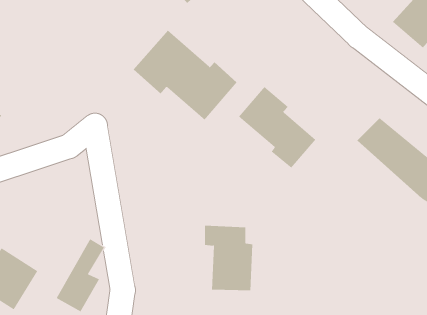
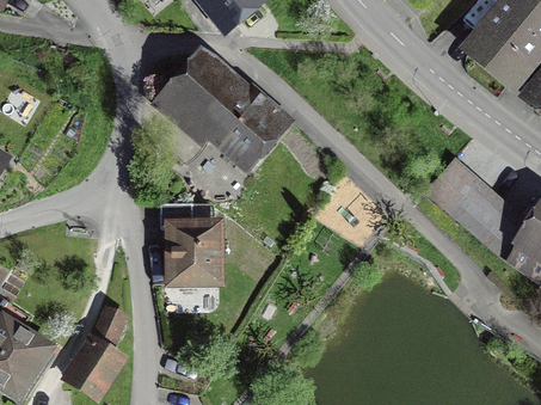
building: [238,86,316,168] -> none
building: [204,225,253,291] -> [161,202,220,281]

